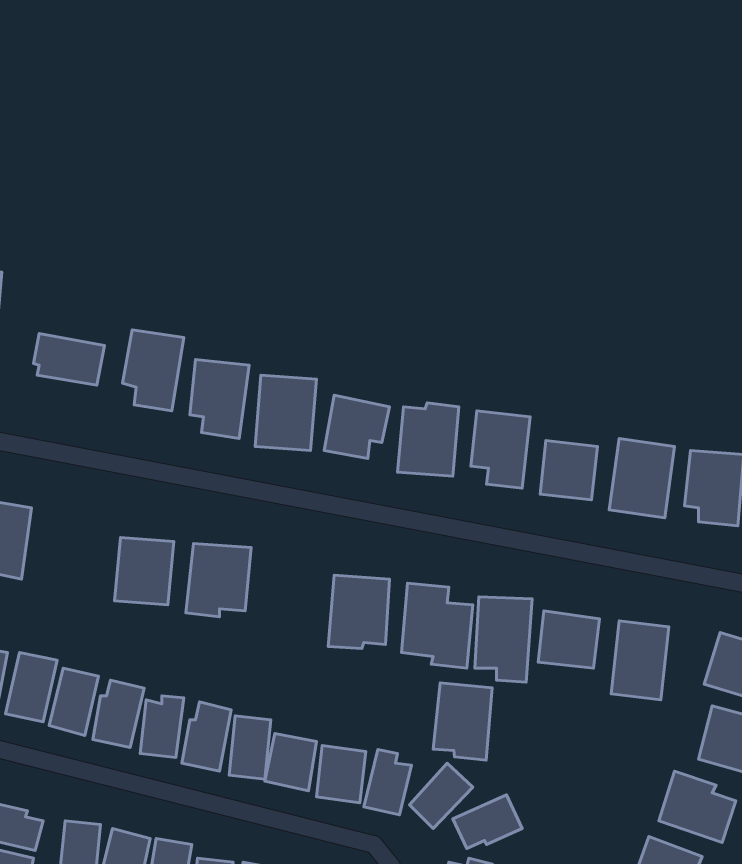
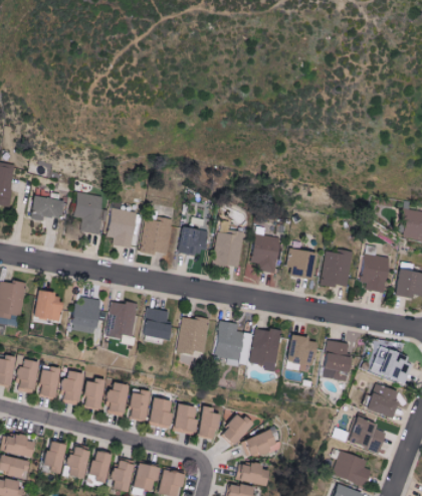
building: none -> [33,291,63,321]
building: none -> [144,308,171,338]
building: [433,683,492,760] -> none

